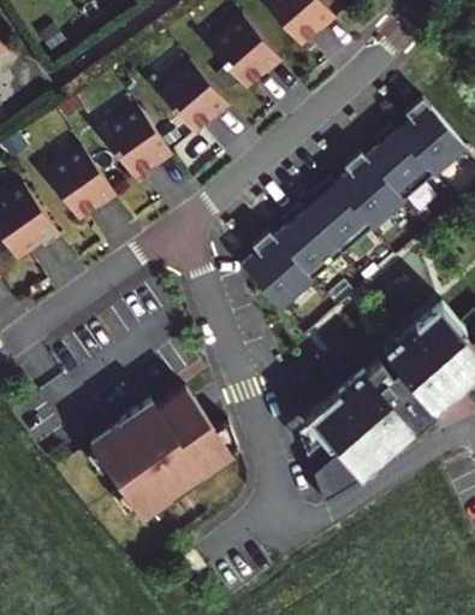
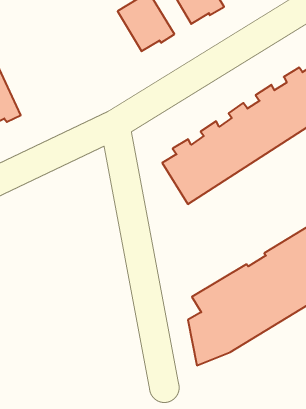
building: [102,107,173,179] -> none
building: [46,148,118,220] -> none
building: [91,388,241,518] -> none

